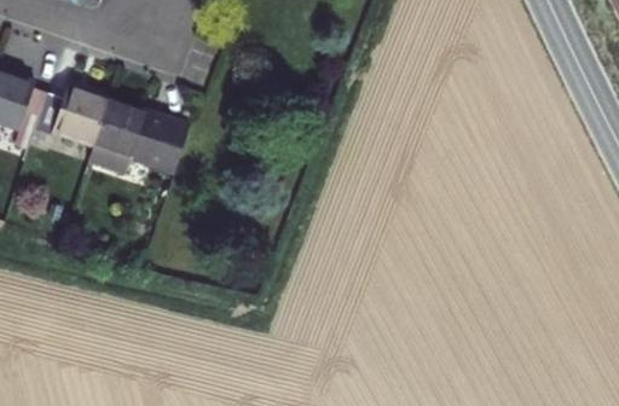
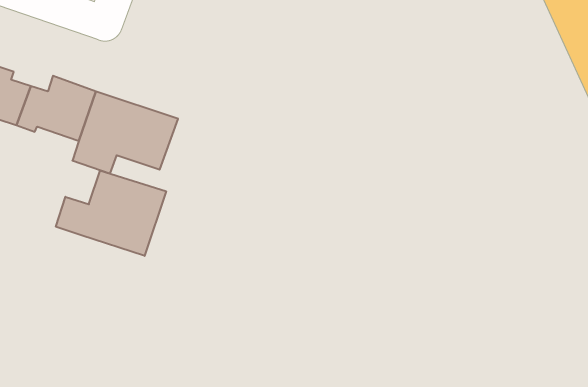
building: none -> [56,170,166,256]

